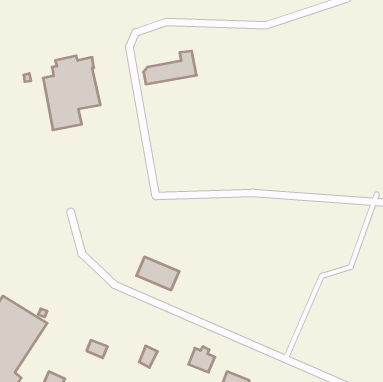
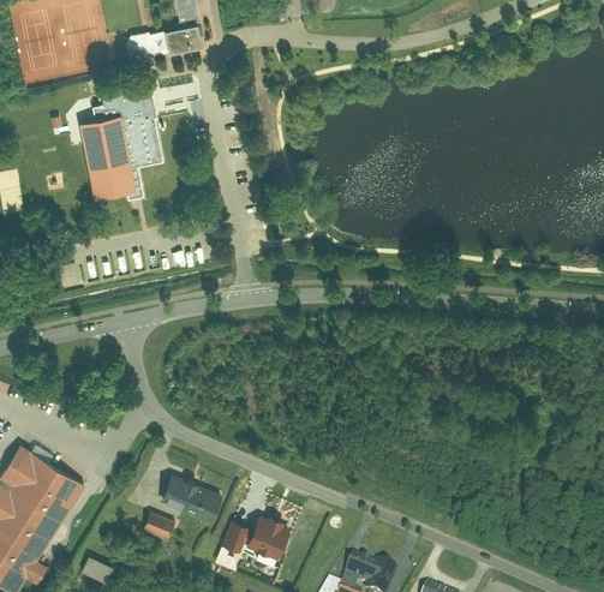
building: [143,51,197,84] -> [125,11,204,60]
building: [136,257,179,290] -> [161,473,225,522]
building: [188,347,215,372] -> [246,520,286,558]

